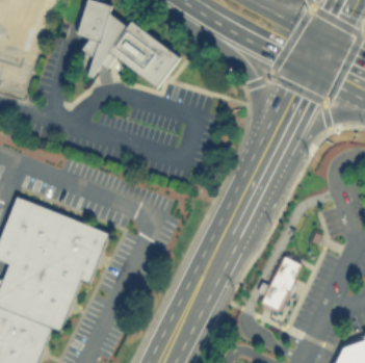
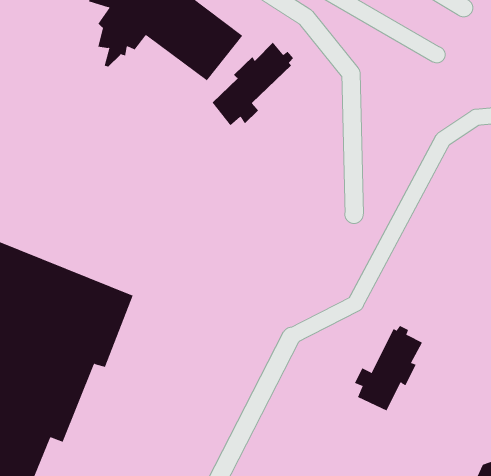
building: none -> [212,42,294,126]

